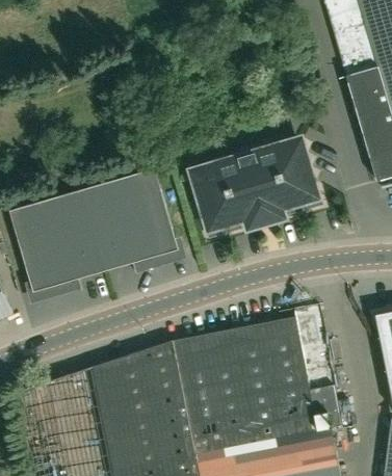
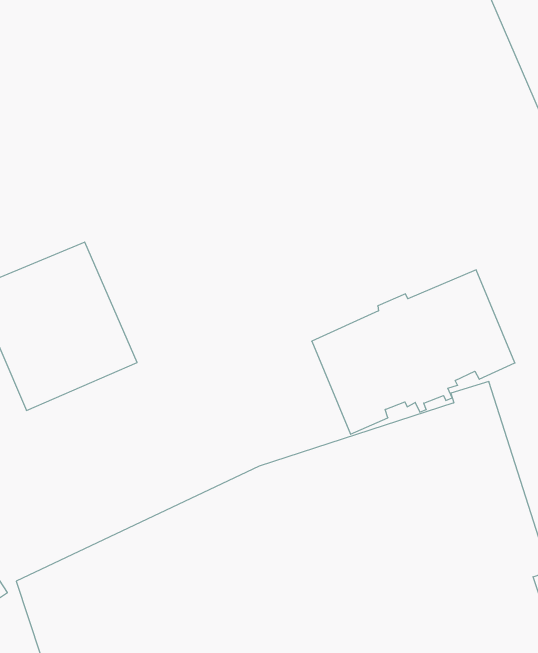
building: [197,146,318,236] -> [312,270,515,434]
building: [83,170,177,268] -> none

